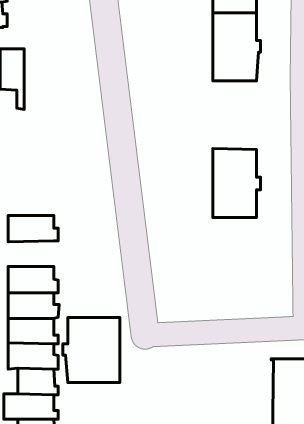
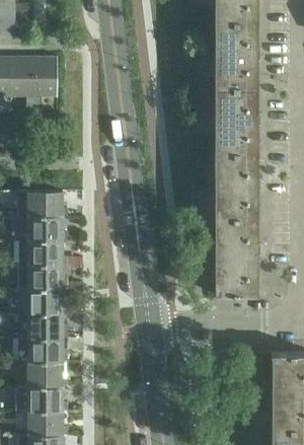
building: none -> [34,56,59,115]
building: none -> [215,87,260,153]
building: none -> [19,192,67,217]
building: none -> [214,218,260,294]
building: none -> [19,240,67,266]
building: [63,317,120,383] -> none

